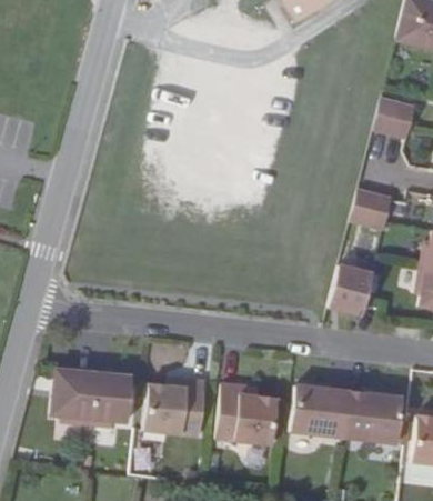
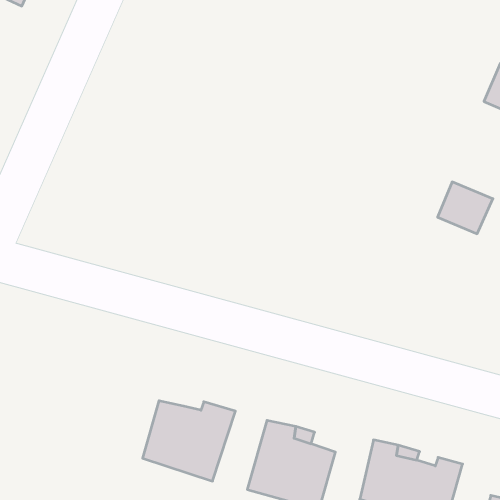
building: [326,261,369,311] -> none
building: [57,368,139,425] -> none

